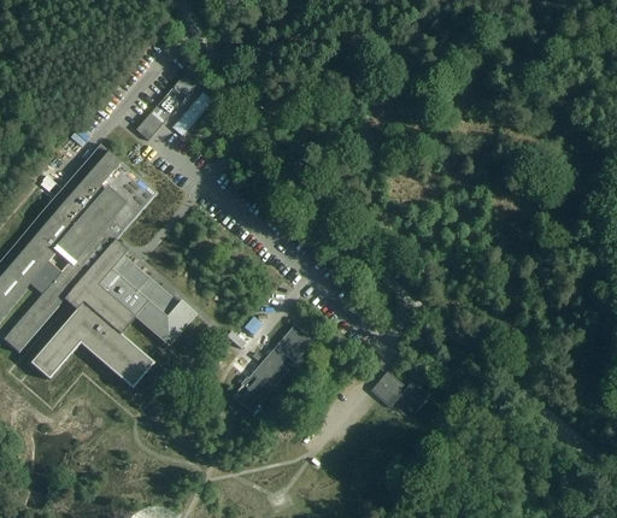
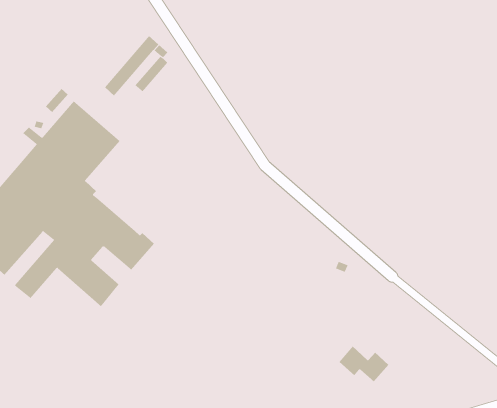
building: [233,324,315,413] -> none
building: [371,371,431,414] -> [338,346,389,382]

